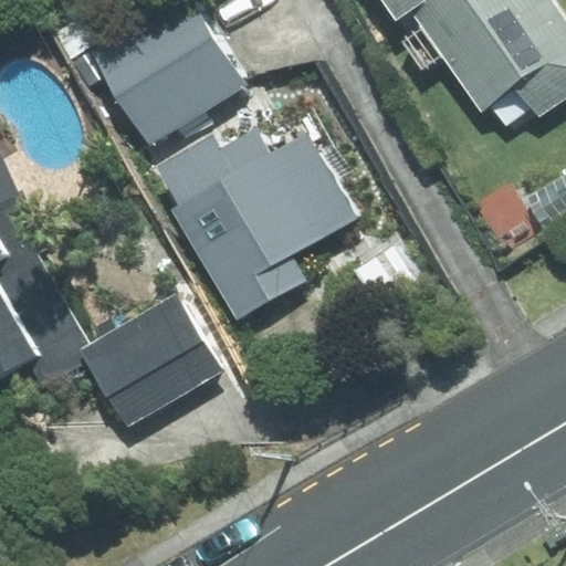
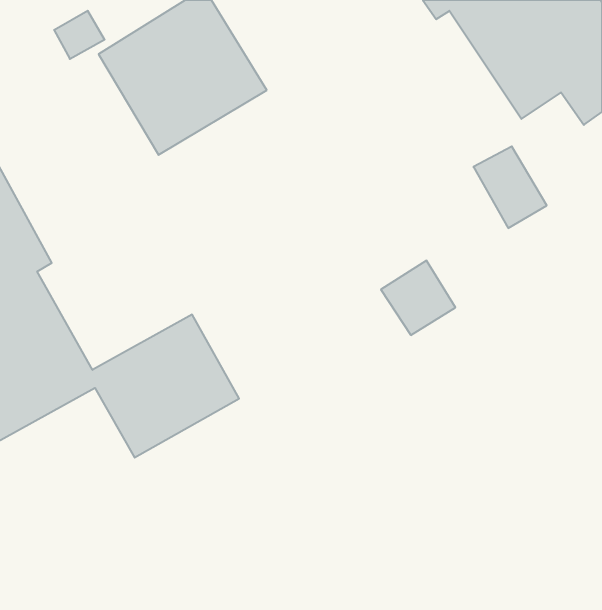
building: [157,129,357,321] -> none

